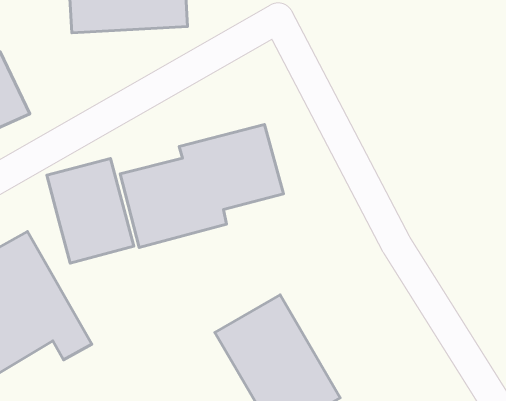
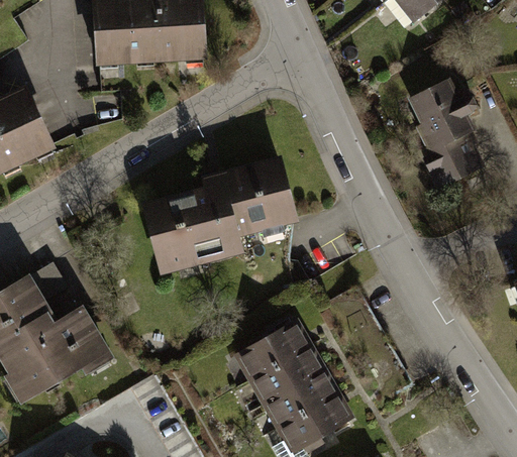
building: none -> [410,83,482,192]
building: [47,158,134,263] -> none

